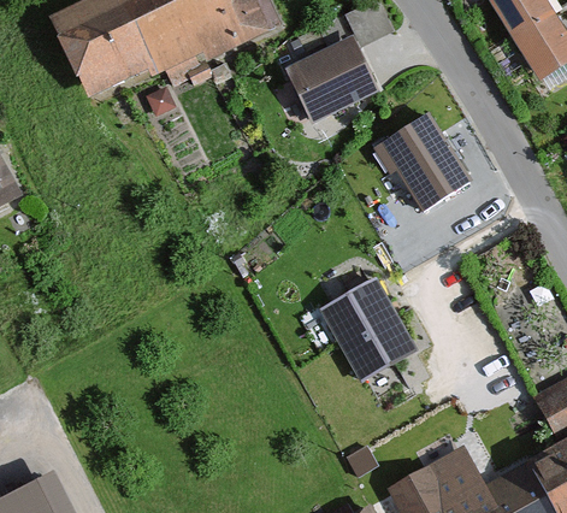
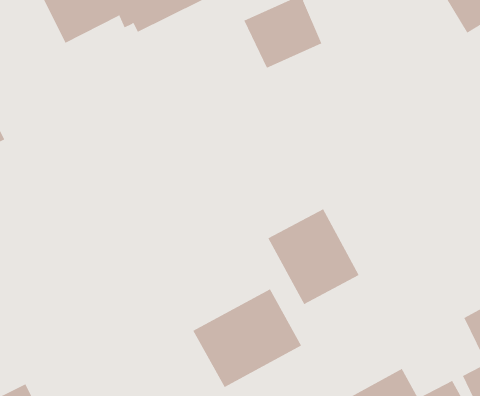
building: [376,111,474,214] -> none
building: none -> [193,289,302,388]

